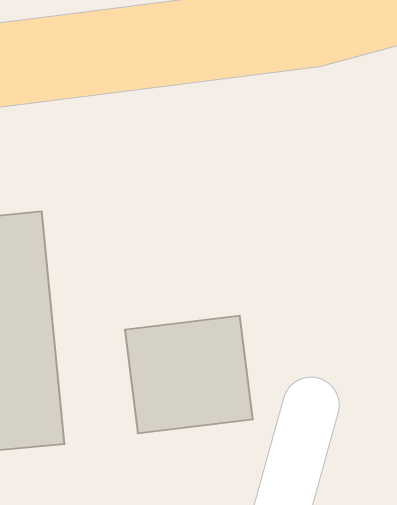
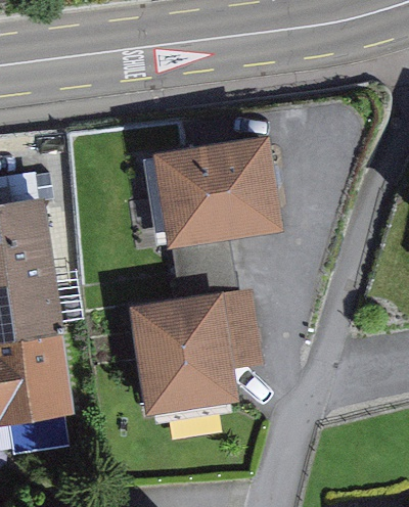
building: none -> [151,136,294,244]

